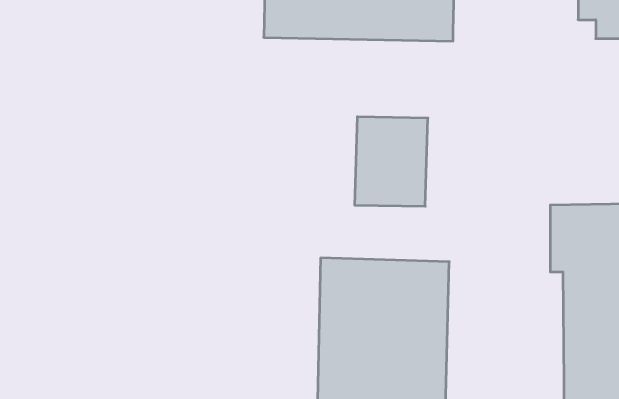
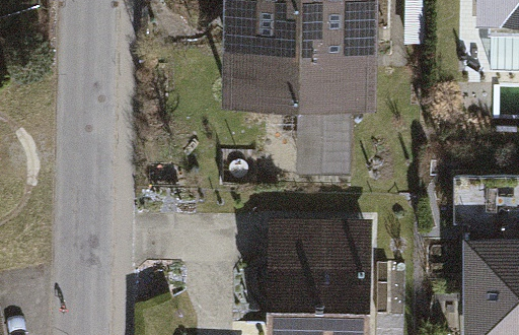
building: none -> [222,41,375,106]

